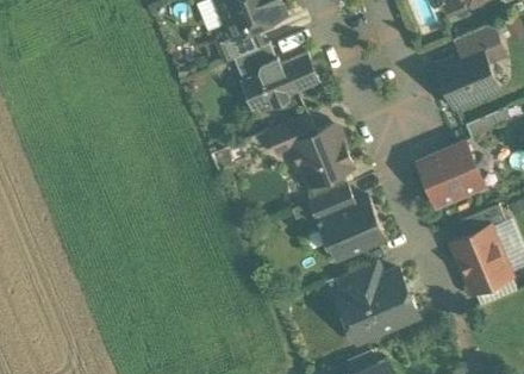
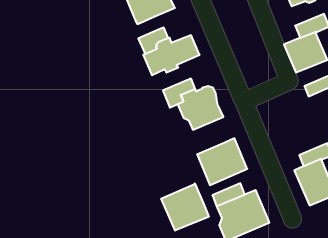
building: [214,27,263,62] -> none
building: [417,142,484,205] -> none
building: [308,186,355,220] -> none
building: none -> [161,183,209,231]

